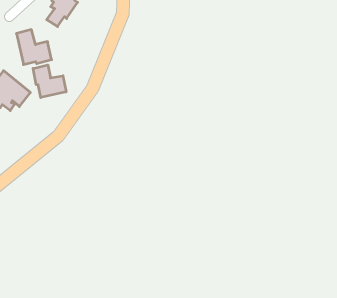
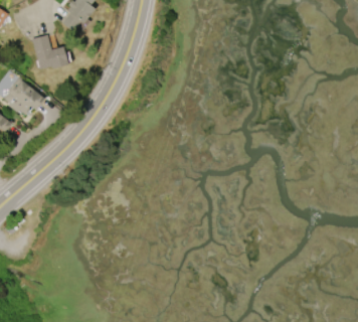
building: [33,65,66,98] -> none

